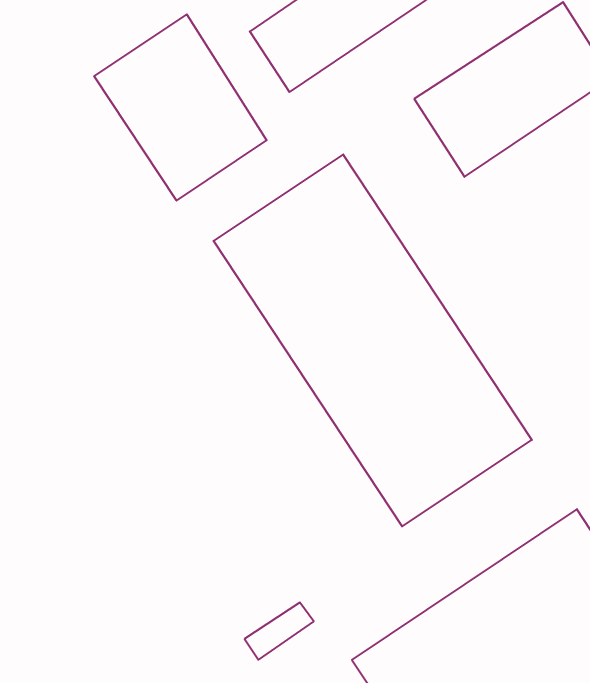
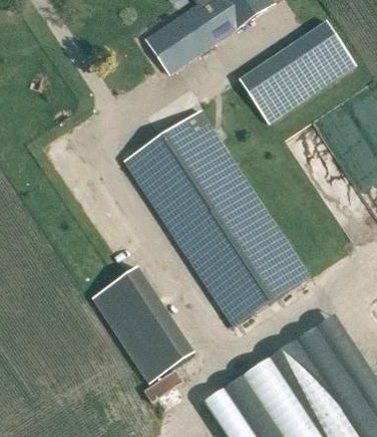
building: [94,14,267,201] -> none
building: none -> [88,265,190,383]

